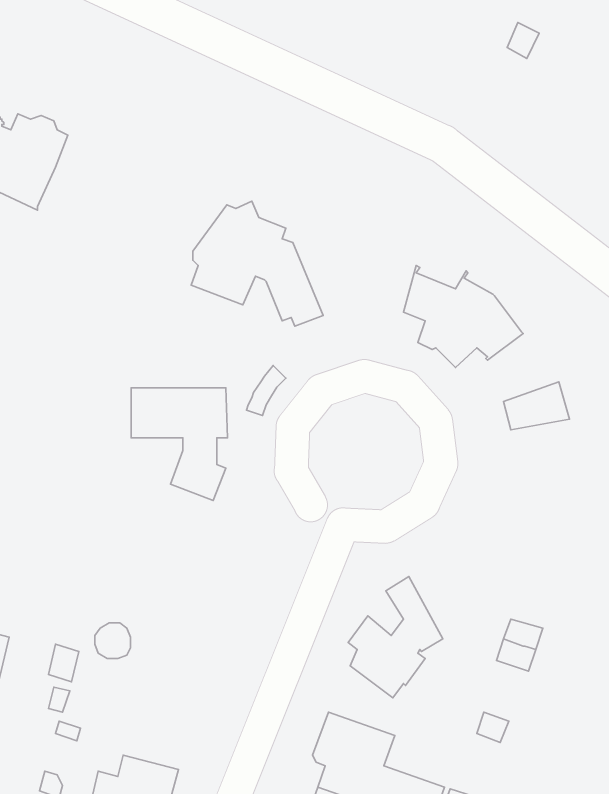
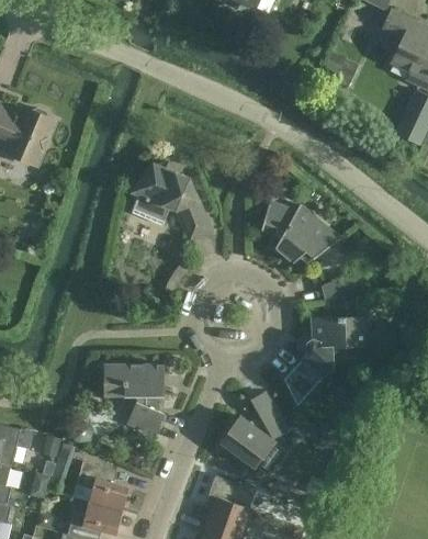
building: [131,388,227,500] -> [103,366,162,435]
building: none -> [282,307,376,407]
building: none -> [71,463,127,512]

